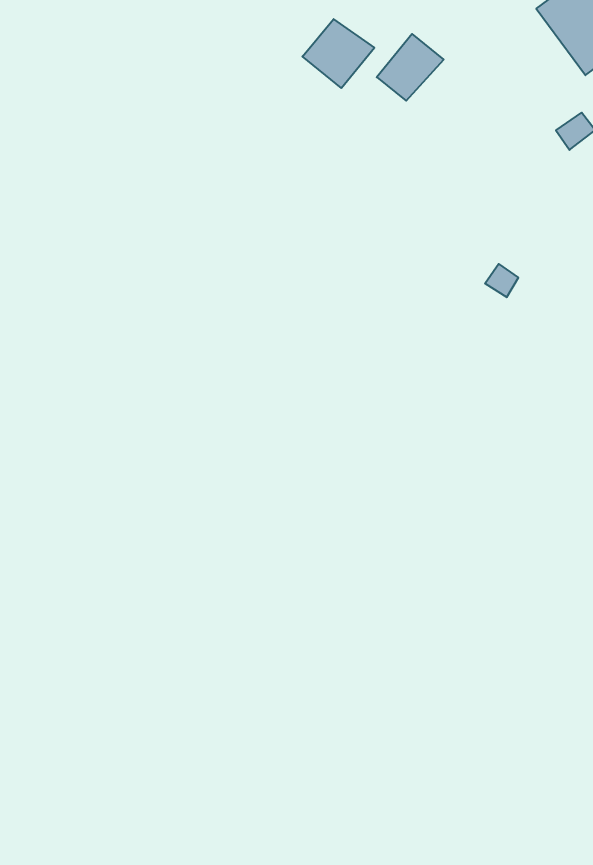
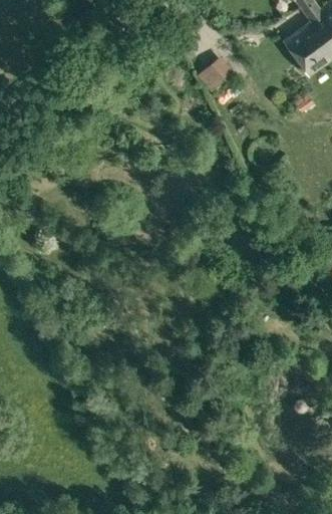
building: [302,19,374,88] -> none

